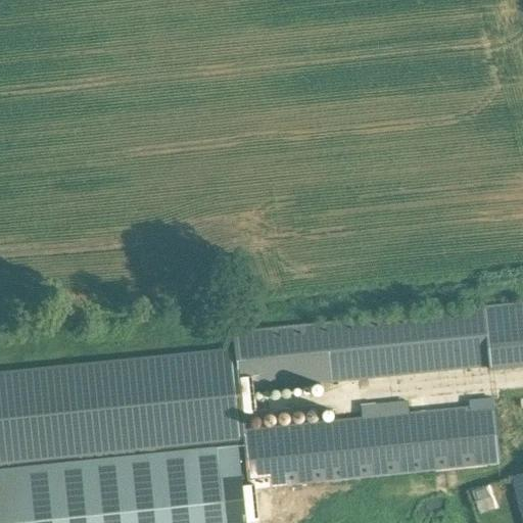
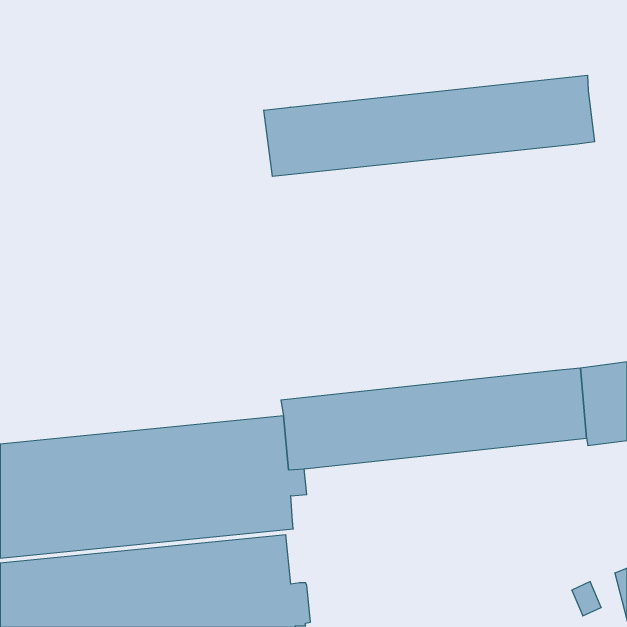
building: none -> [264,75,595,176]
building: [243,397,497,487] -> none

